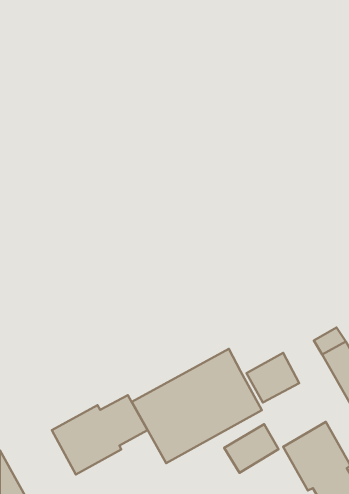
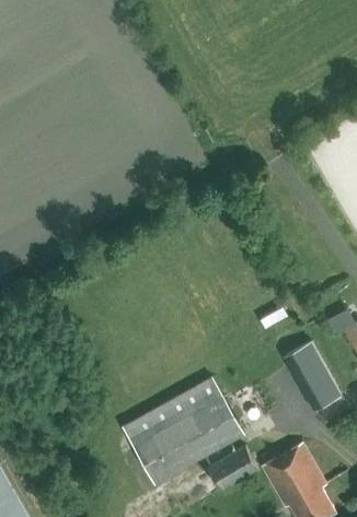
building: [246,353,299,402] -> none
building: [52,395,148,475] -> none

